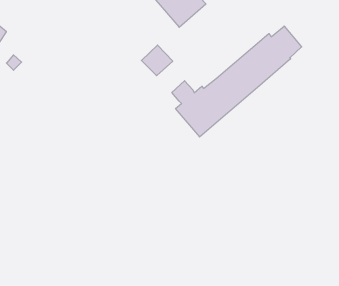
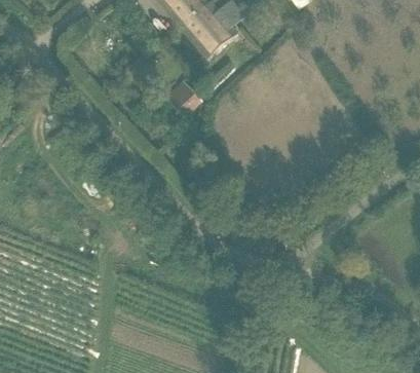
building: [172,26,302,137] -> none

